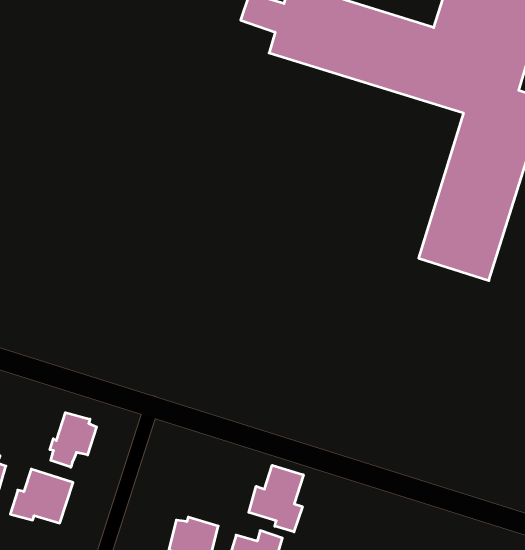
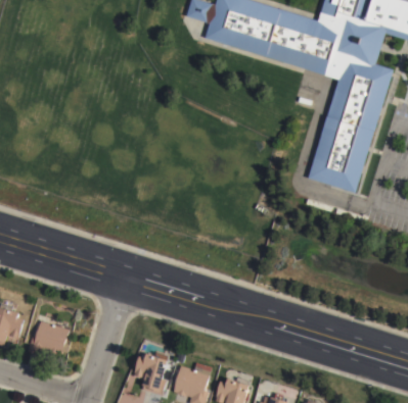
building: [50,413,97,467] -> none
building: [249,465,303,532] -> none

